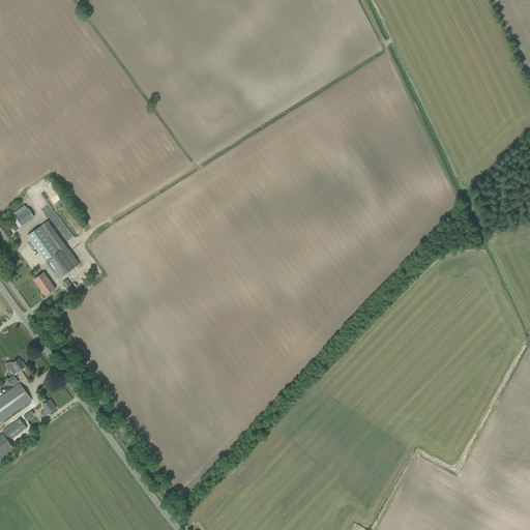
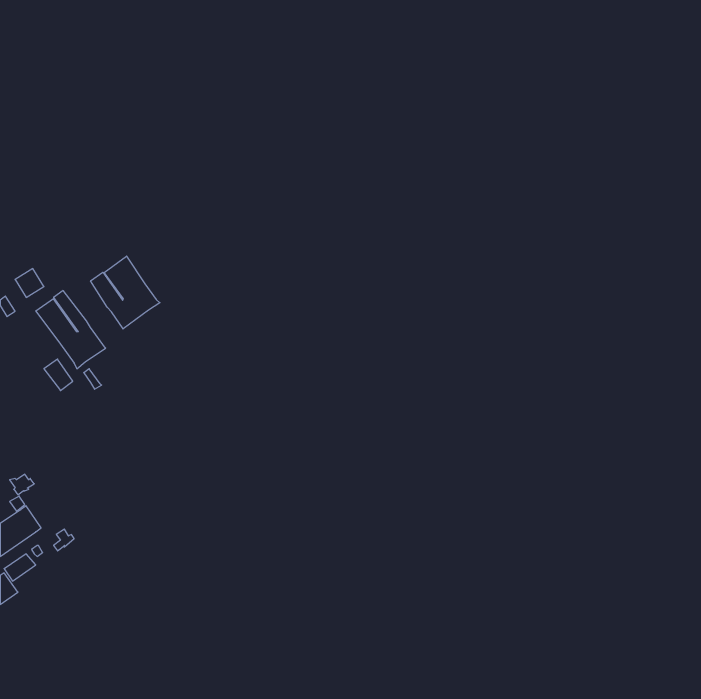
building: none -> [91,256,160,329]

